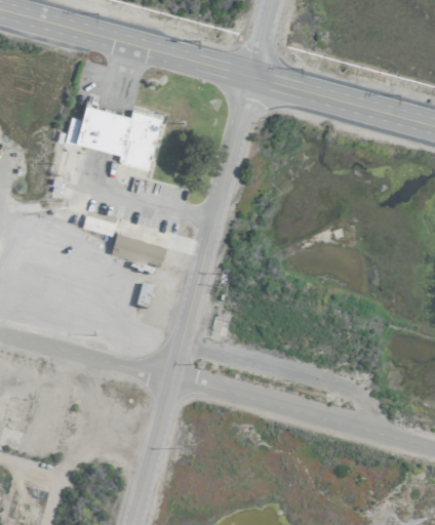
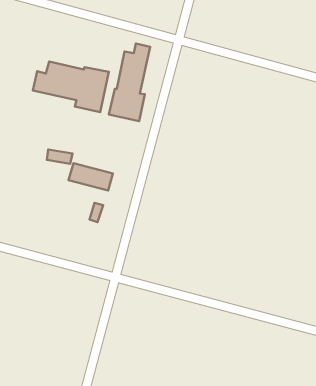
building: none -> [109,43,150,121]

